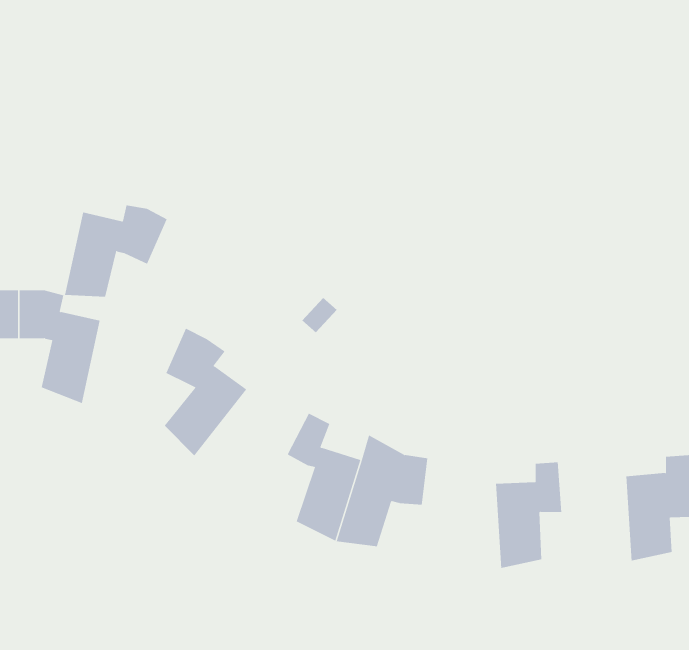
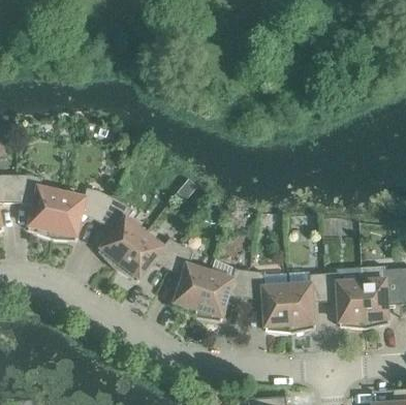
building: [64,205,167,297] -> [51,186,110,239]
building: none -> [115,229,180,280]
building: none -> [245,269,289,332]
building: none -> [322,271,364,328]

